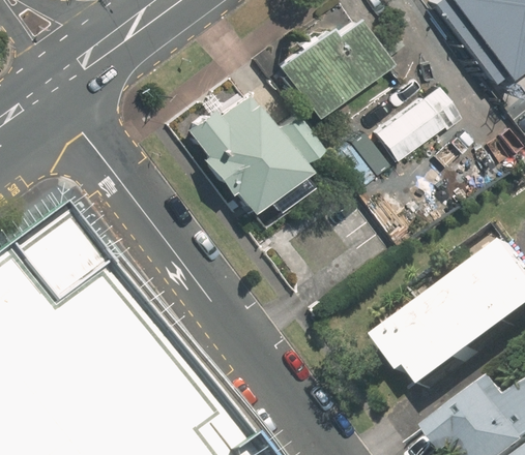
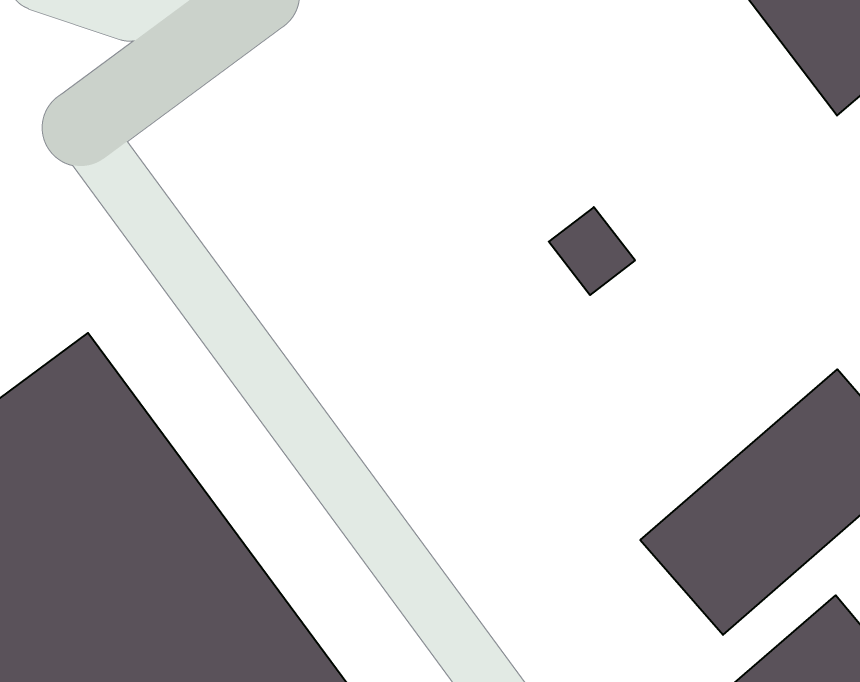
building: [272,24,385,122] -> none
building: [380,73,466,156] -> none
building: [183,85,305,209] -> none

